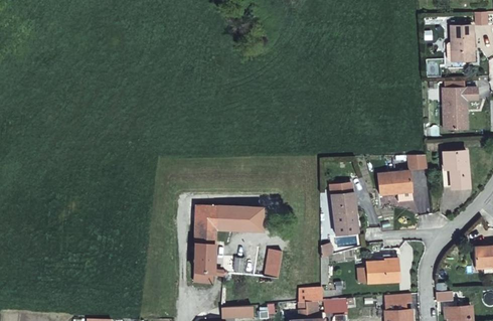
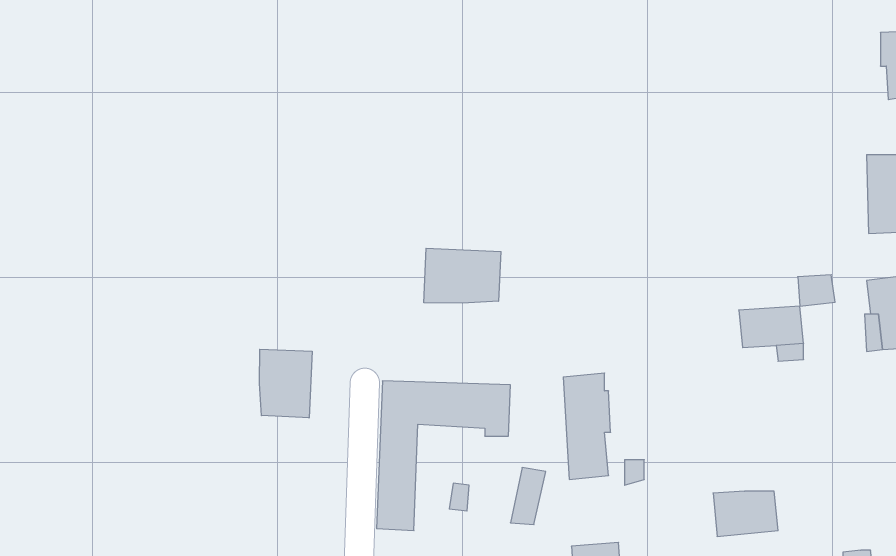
building: none -> [424,248,501,303]
building: [333,181,357,235] -> [563,373,611,479]
building: none -> [259,349,312,418]

